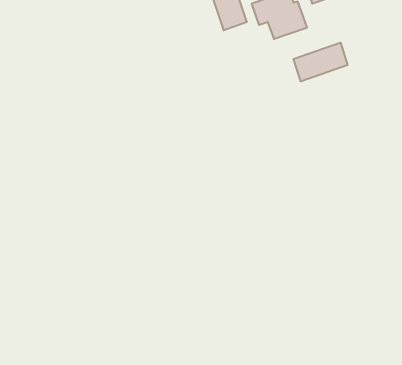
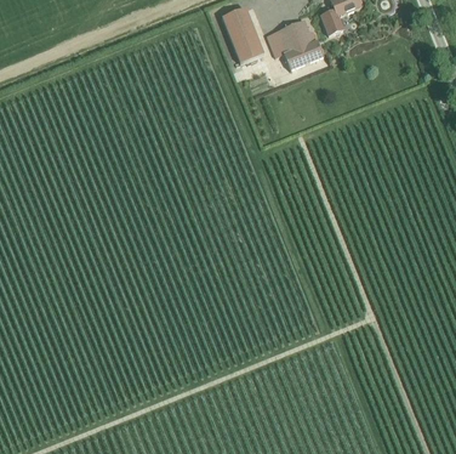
building: [294,43,348,81] -> none

